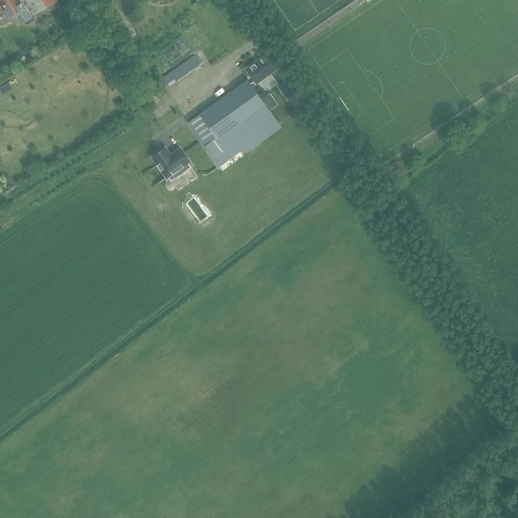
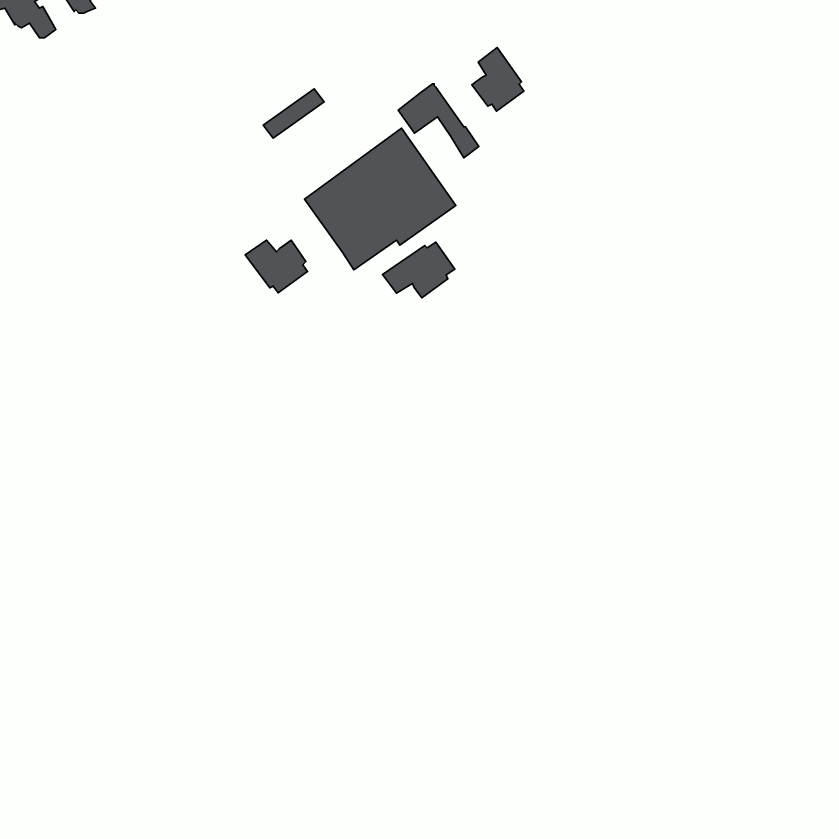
building: none -> [472,47,524,111]
building: none -> [383,242,455,298]

